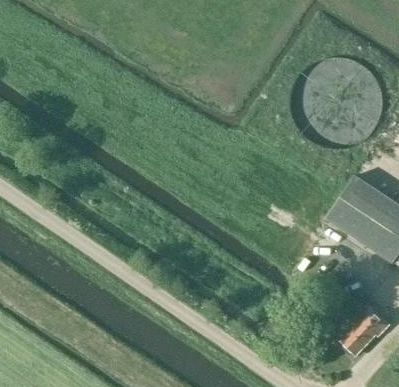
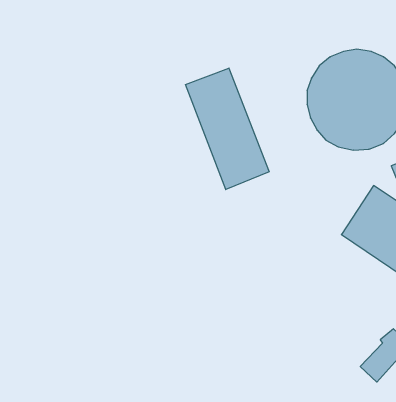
building: none -> [185,68,269,190]

